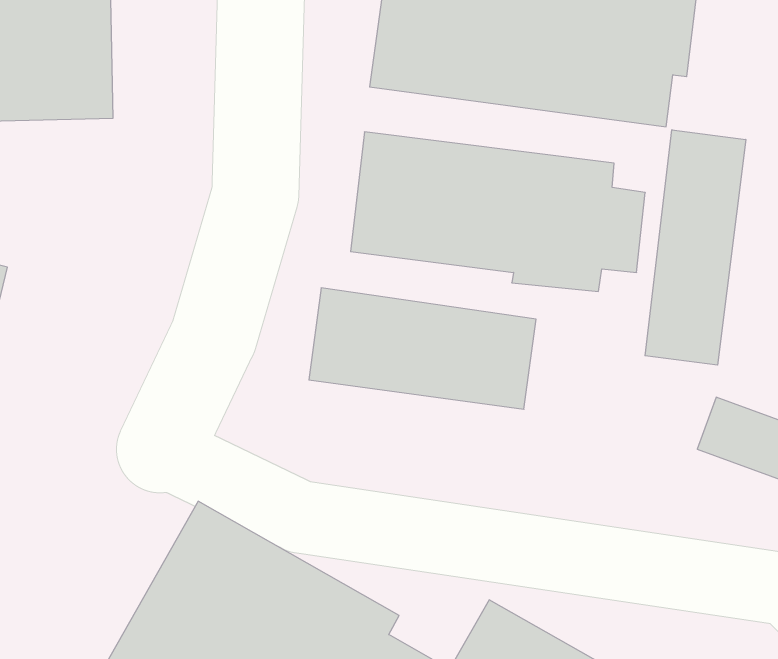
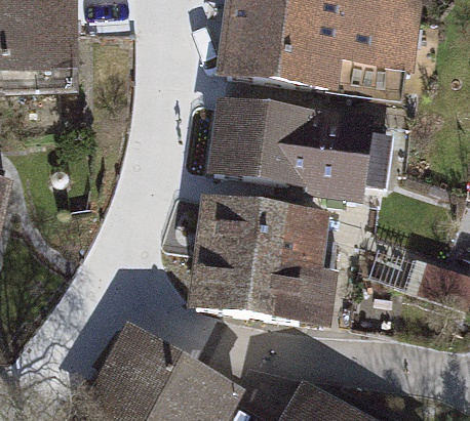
building: [645,130,746,365] -> none
building: none -> [183,249,331,323]

